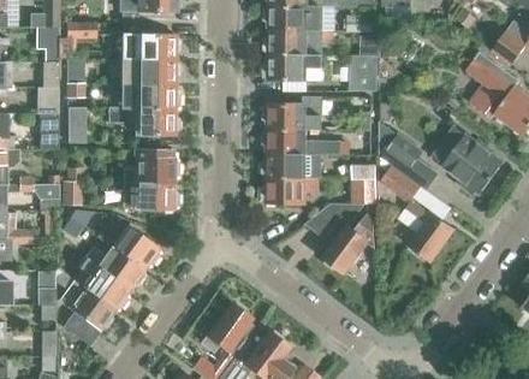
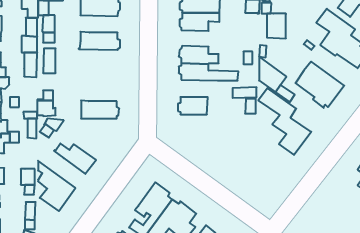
building: [351,55,379,91] -> [267,14,286,38]
building: [121,59,179,84] -> none
building: [107,107,178,135] -> none
building: [123,150,178,184] -> none
building: [265,153,321,179] -> none
building: [305,203,379,273] -> none
building: [99,225,159,270] -> none
building: [75,256,129,310] -> none

